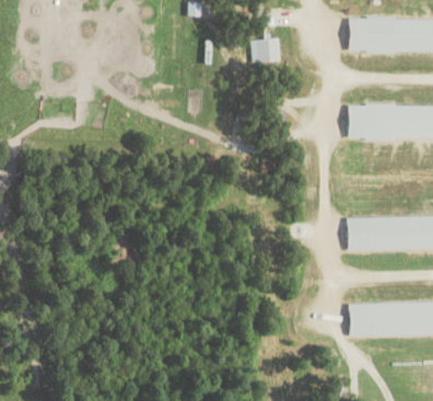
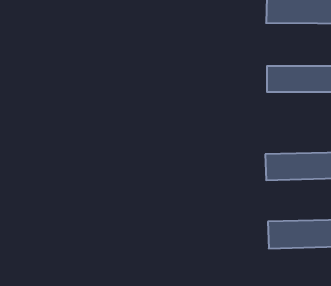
building: [250,39,280,61] -> none

